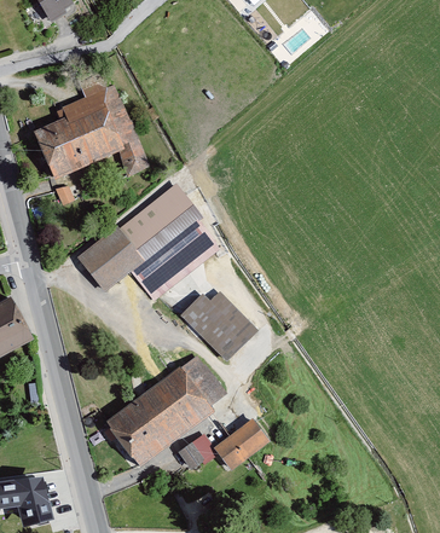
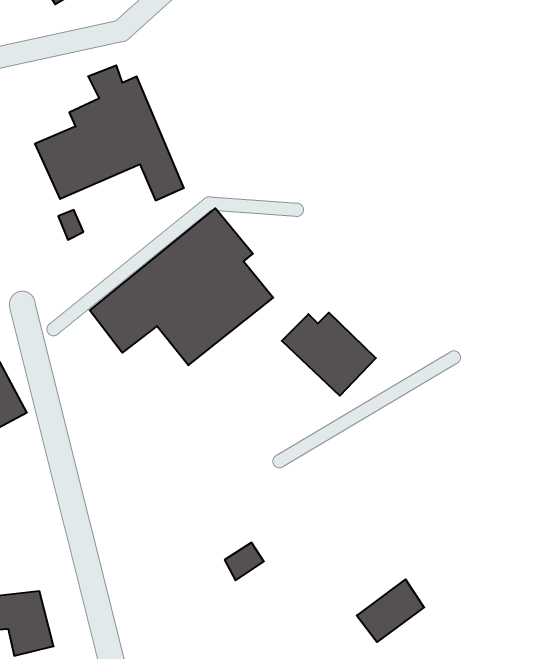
building: [181,294,254,358] -> [282,313,376,396]
building: [104,357,222,468] -> none
building: [216,421,268,469] -> [357,579,424,642]

